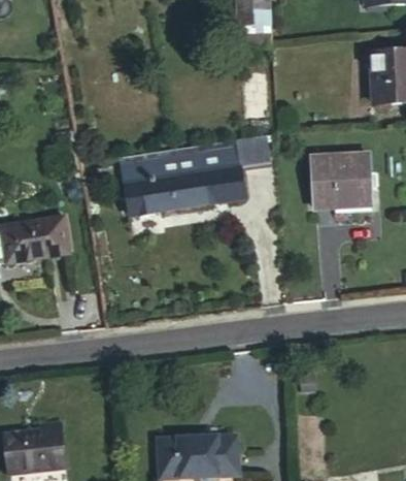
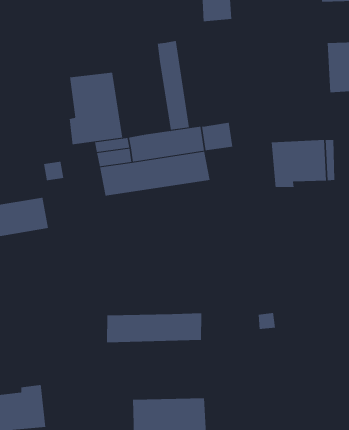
building: none -> [157,40,189,131]
building: none -> [69,72,123,145]
building: none -> [106,312,202,343]

